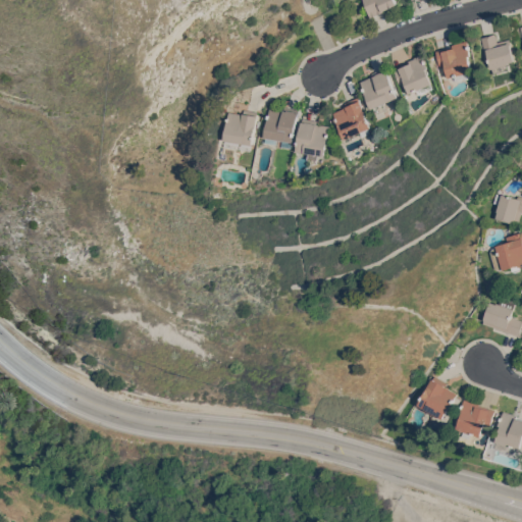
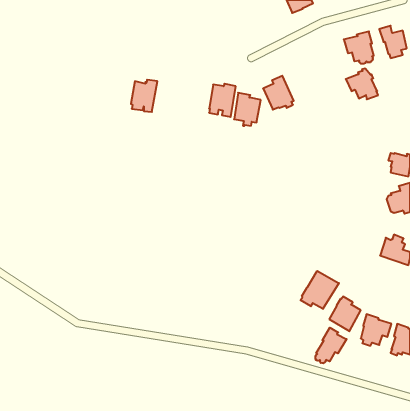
building: [393,56,433,95] -> [346,69,378,99]
building: [359,67,398,109] -> none
building: [222,110,256,151] -> [131,80,157,112]
building: none -> [301,271,339,309]
building: none -> [315,328,347,363]

